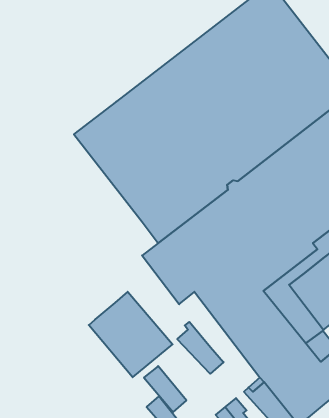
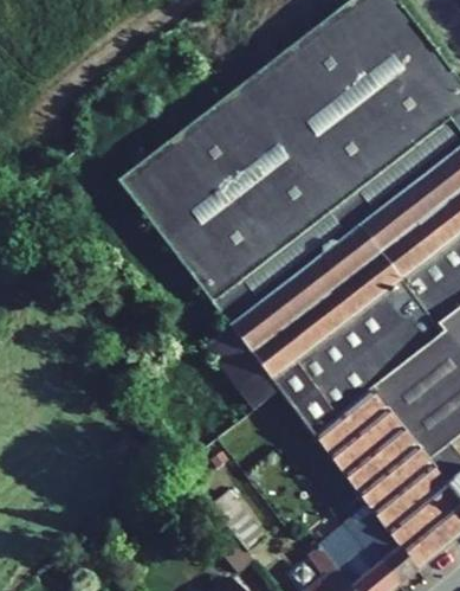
building: [89,292,173,377] -> none
building: [177,322,224,374] -> none

